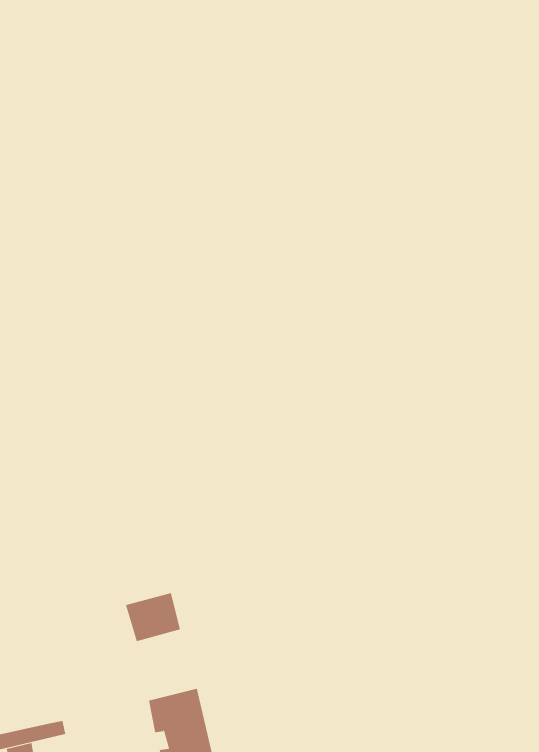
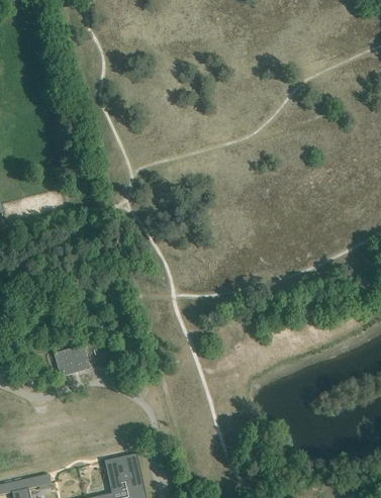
building: [125,592,181,642] -> [53,345,89,378]

